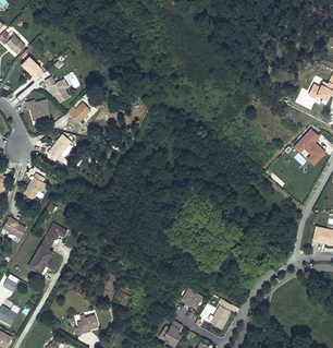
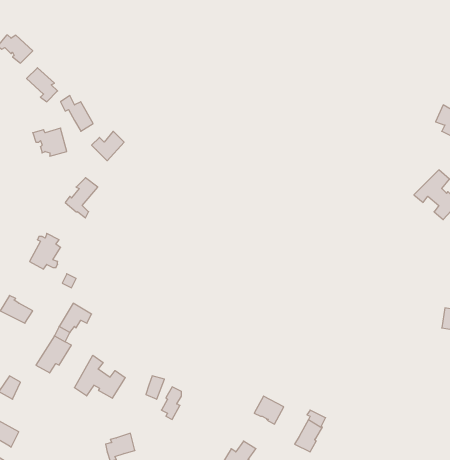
building: none -> [74,355,125,398]

